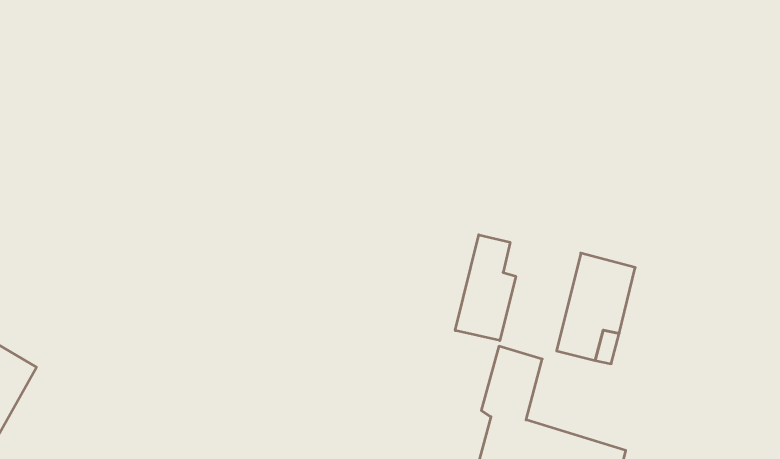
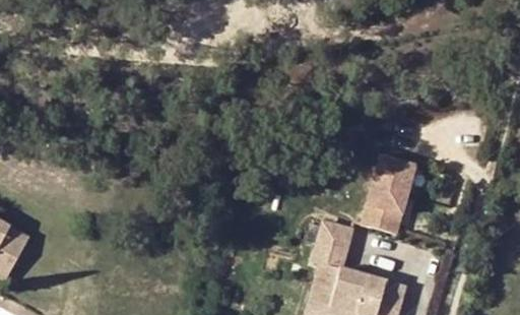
building: [455,235,516,341] -> none

